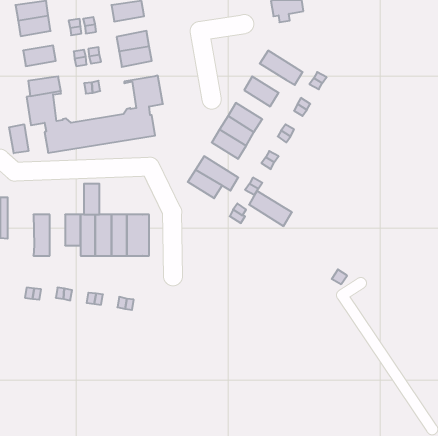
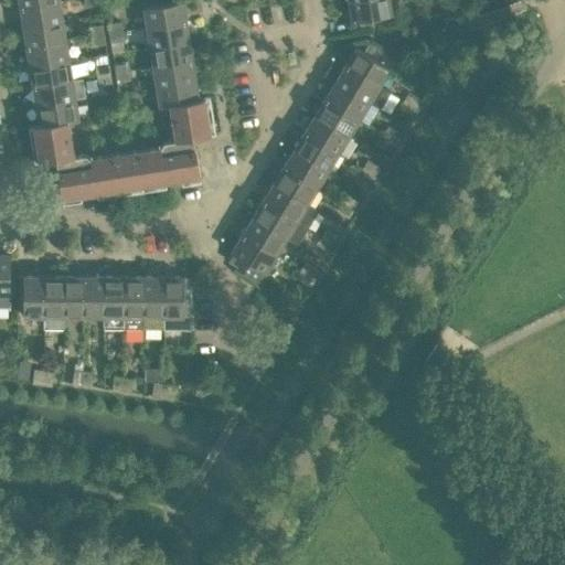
building: none -> [147,24,189,51]
building: none -> [26,43,68,68]
building: none -> [345,44,394,89]
building: none -> [33,82,75,107]
building: none -> [157,82,199,108]
building: none -> [324,85,369,122]
building: none -> [303,119,348,157]
building: [9,124,28,153] -> none
building: none -> [228,237,276,288]
building: [84,184,99,215] -> [64,279,84,319]
building: [249,191,292,226] -> [263,186,318,232]
building: none -> [23,279,44,319]

